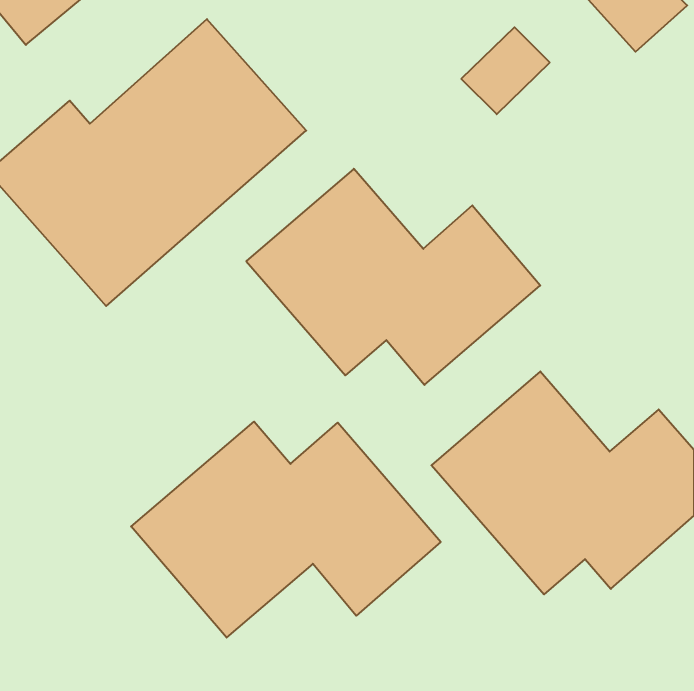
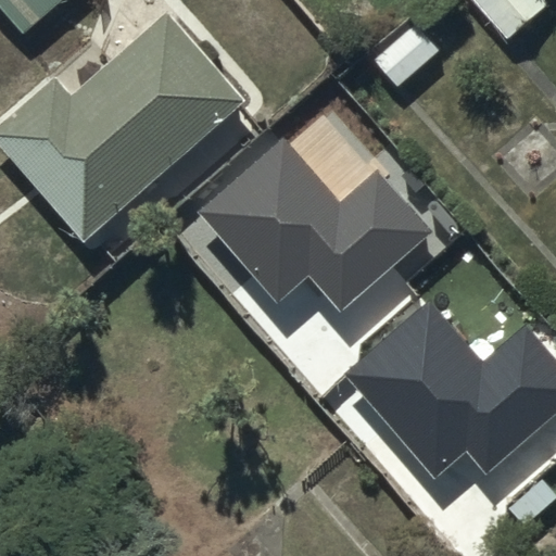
building: [131,422,441,638] -> none

